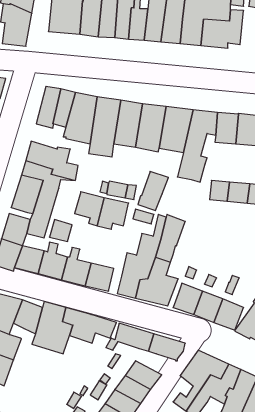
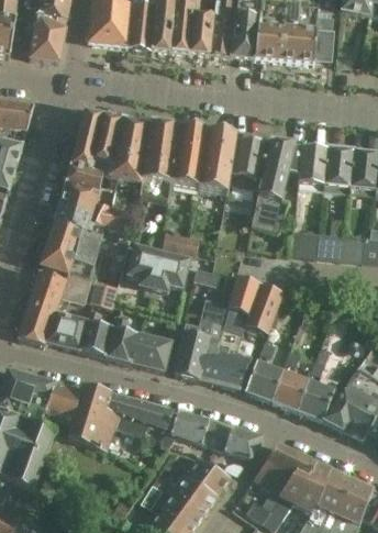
building: none -> [66,159,102,191]
building: [138,171,168,211] -> [245,282,284,332]

